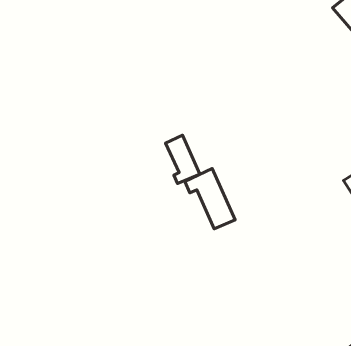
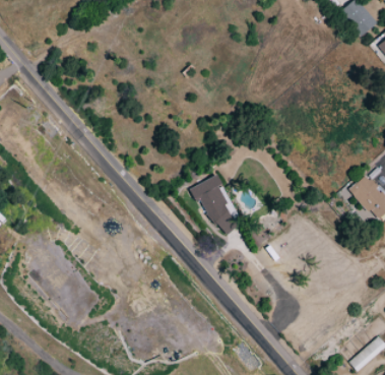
building: [166,135,200,184] -> none

